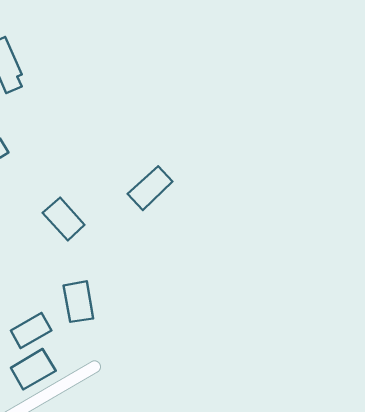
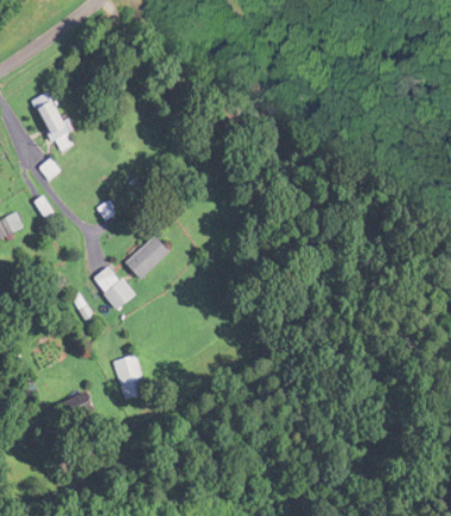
building: [127,166,173,210] -> [123,232,172,280]
building: [11,349,56,390] -> none

